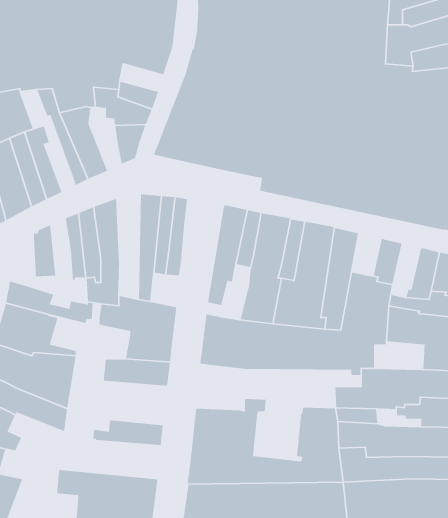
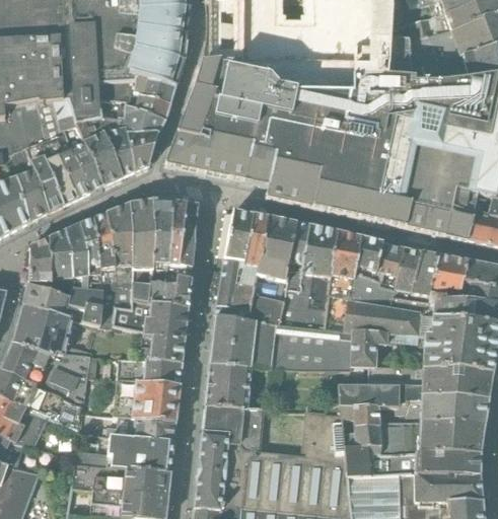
building: none -> [134,74,176,100]
building: none -> [39,98,91,197]
building: none -> [104,116,135,176]
building: none -> [131,198,153,299]
building: none -> [68,221,102,307]
building: none -> [28,234,53,283]
building: none -> [355,235,383,277]
building: none -> [393,245,421,297]
building: none -> [163,274,192,306]
building: none -> [229,282,257,318]
building: none -> [206,361,253,404]
building: none -> [113,377,180,419]
building: none -> [75,434,173,470]

